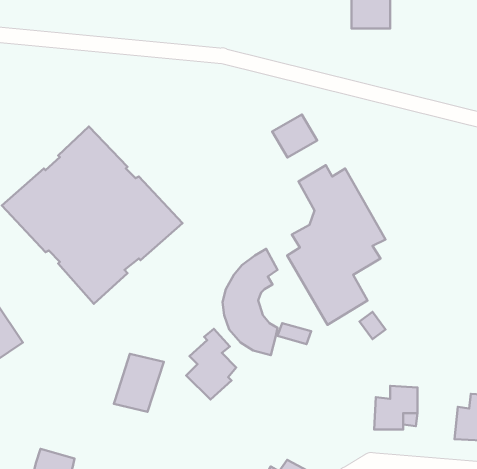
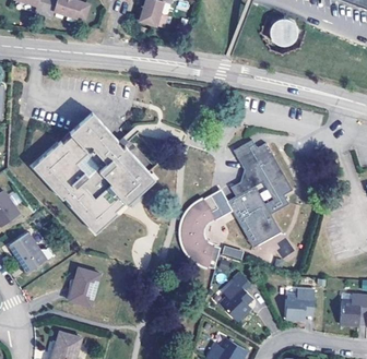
building: [272,114,317,158] -> none
building: [186,329,236,400] -> [221,274,254,322]
building: [114,354,164,412] -> [68,268,102,308]

